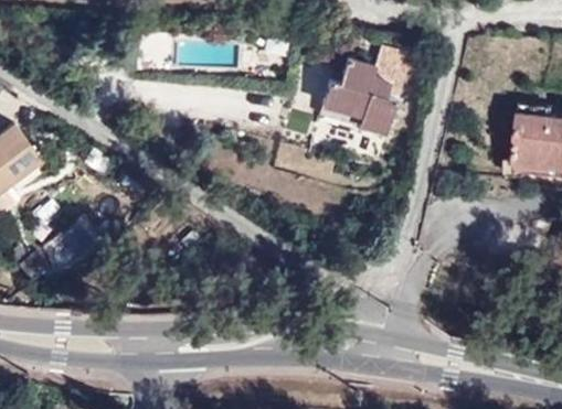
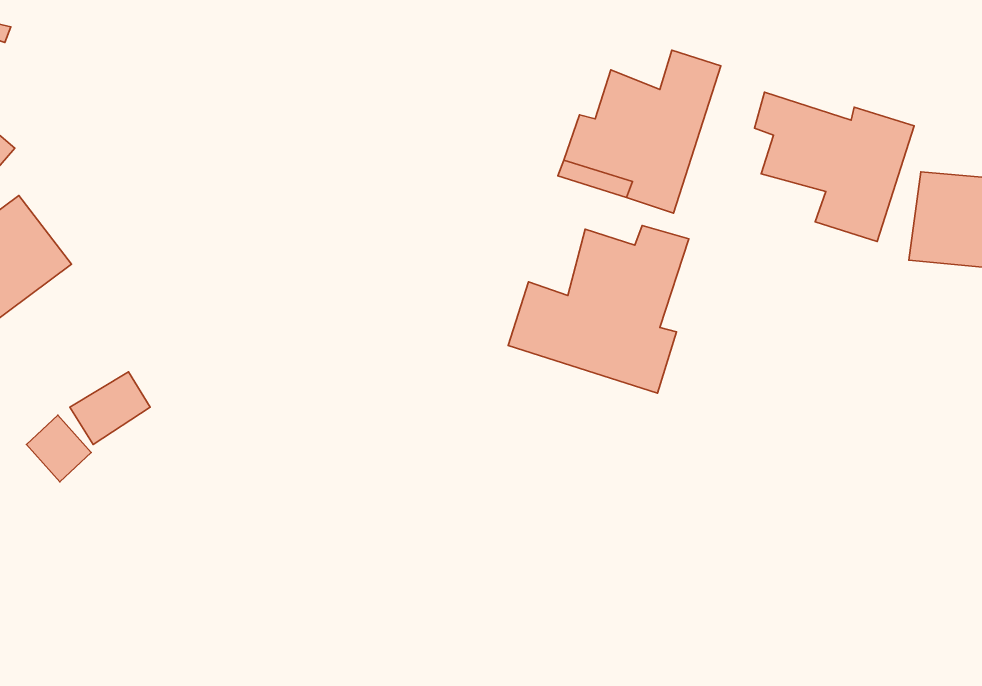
building: none -> [754,92,914,242]
building: none -> [508,225,689,393]

